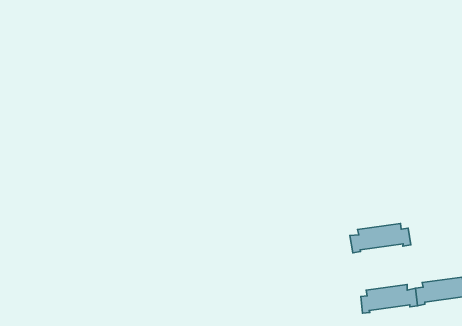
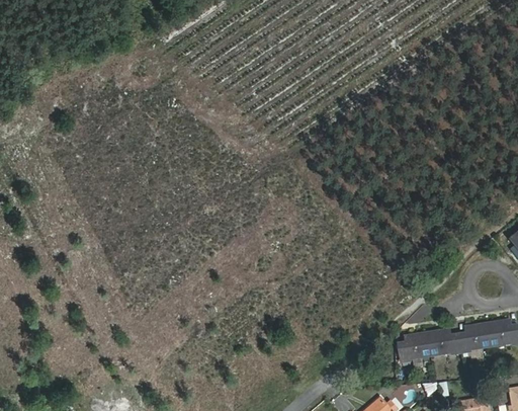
building: [350,224,411,253] -> none

